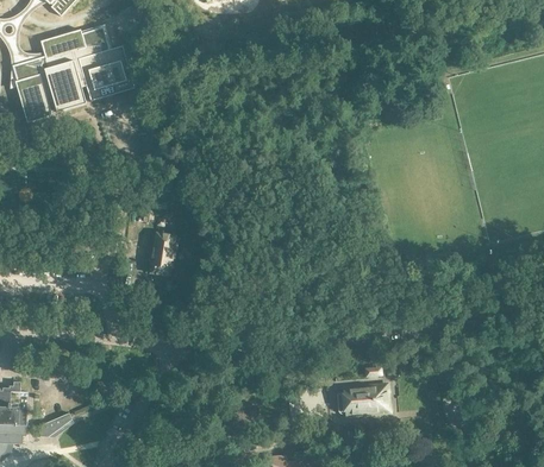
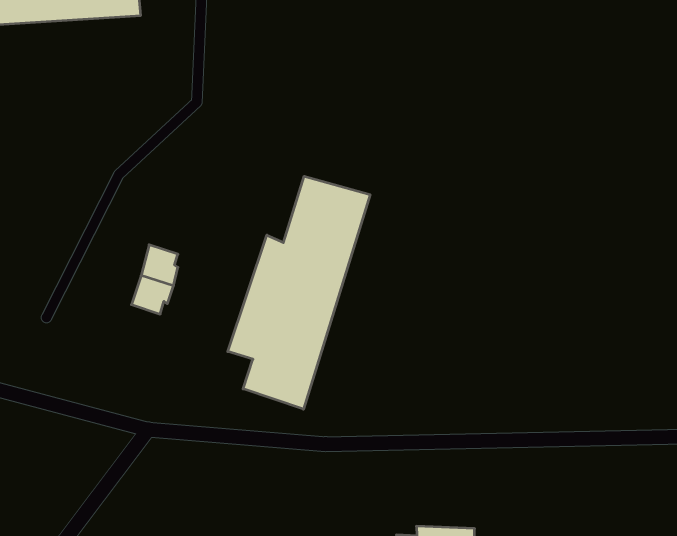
building: none -> [228,176,370,409]

